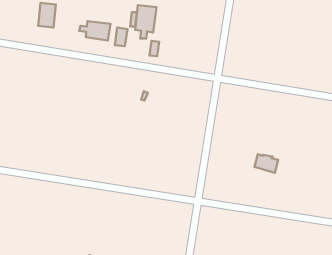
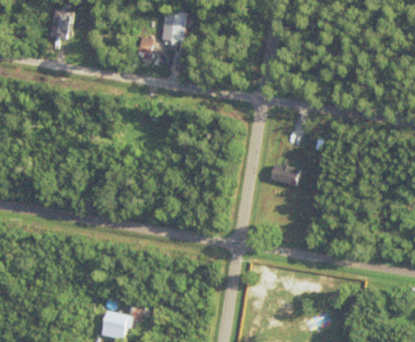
building: [79,21,111,40] -> none
building: [254,154,278,173] -> [272,160,300,182]

